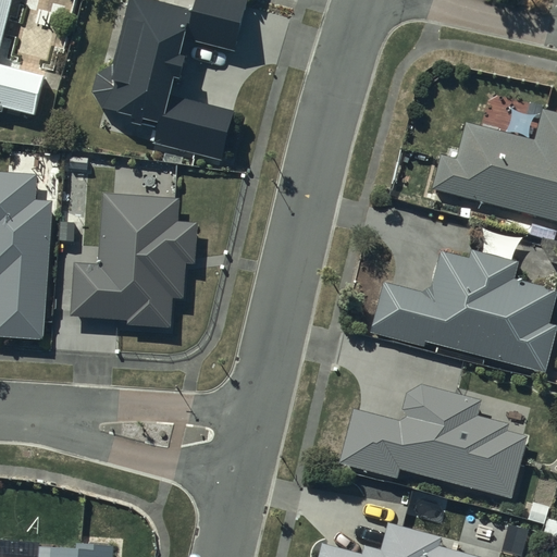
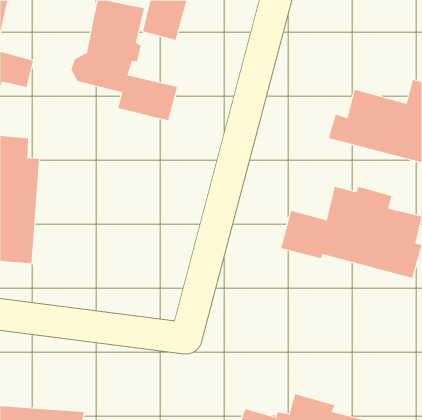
building: [71,205,196,338] -> none
building: [338,382,524,493] -> none

